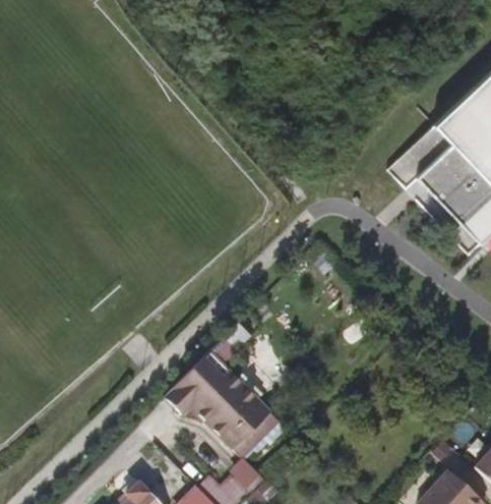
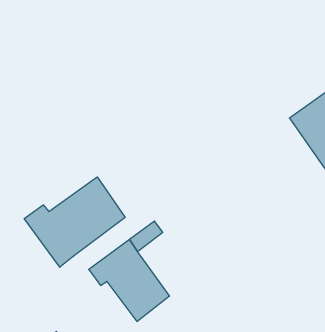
building: none -> [24,177,125,267]

